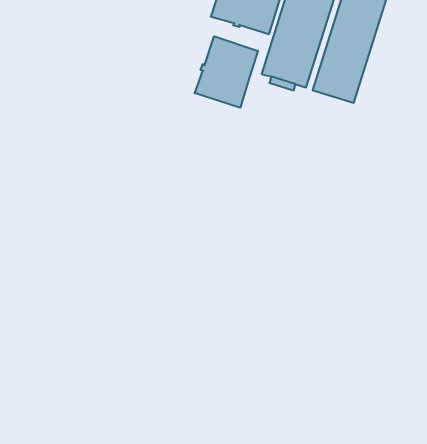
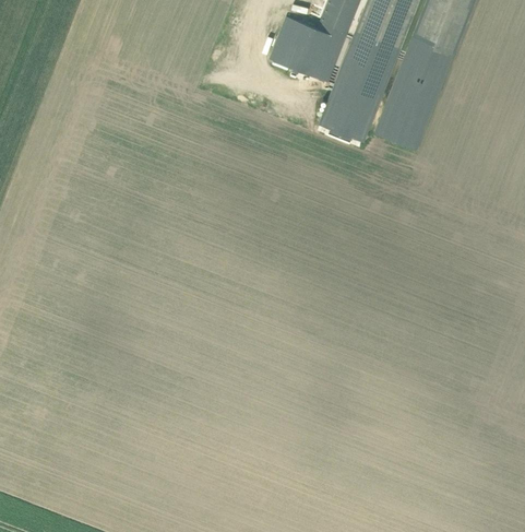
building: [195,36,258,108] -> none

